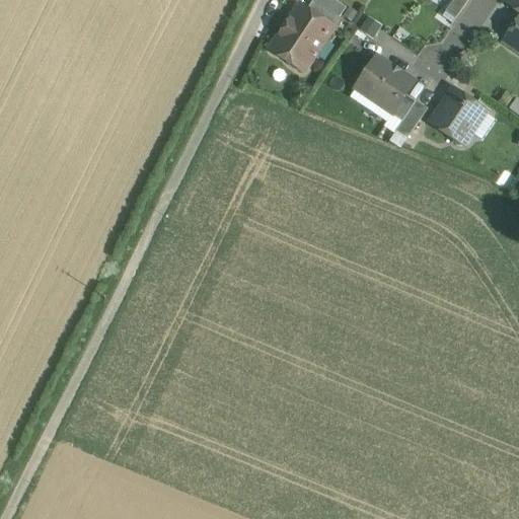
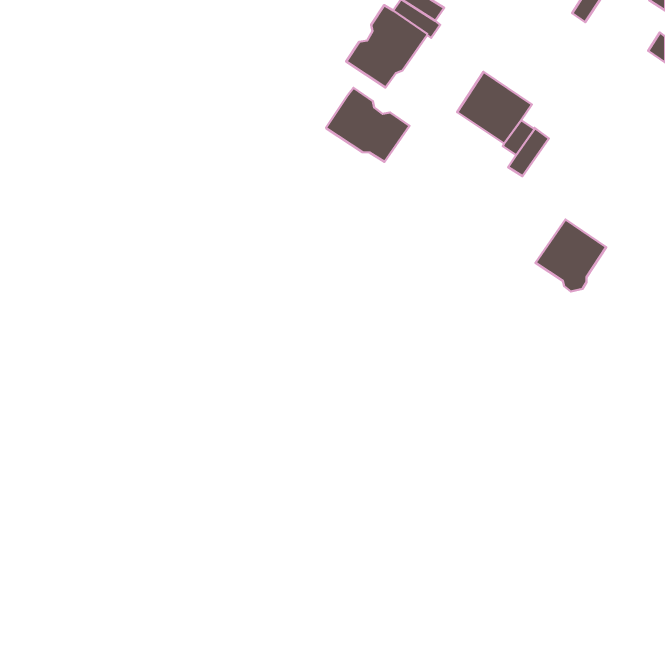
building: none -> [326,88,409,162]
building: [429,88,484,144] -> [536,220,606,291]

